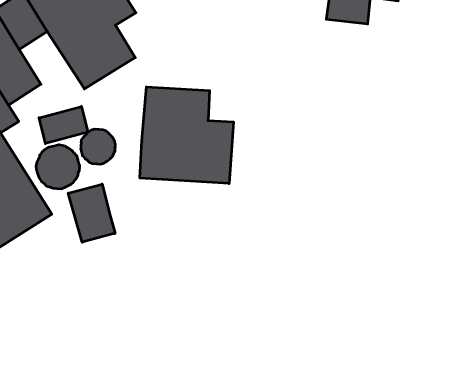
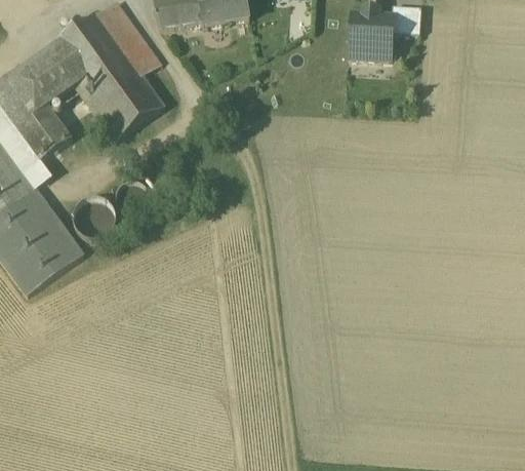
building: [140,87,233,184] -> none
building: [39,106,88,144] -> none
building: [68,184,115,242] -> none

